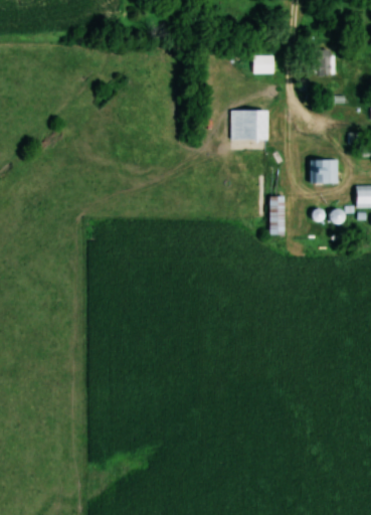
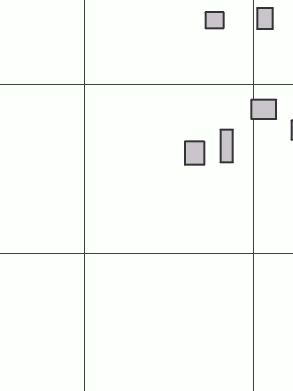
building: [229,111,269,141] -> none
building: none -> [185,141,204,165]

